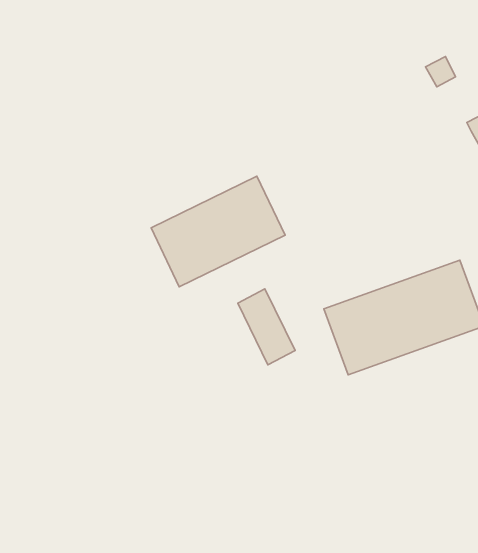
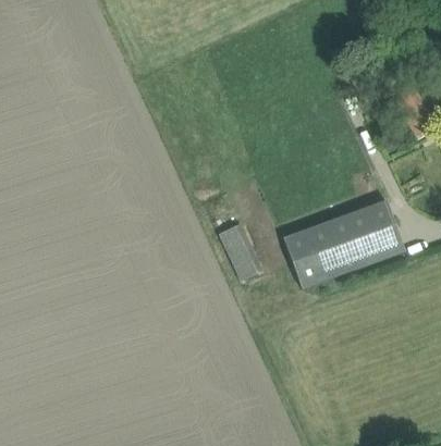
building: [151,176,285,287] -> none

